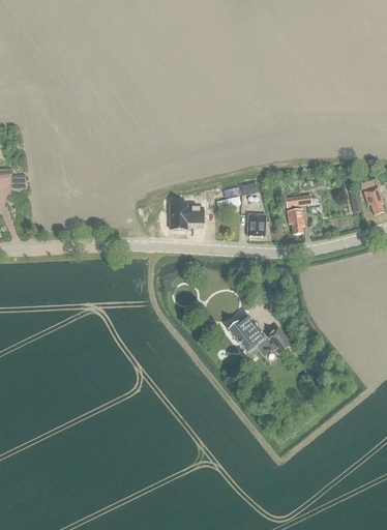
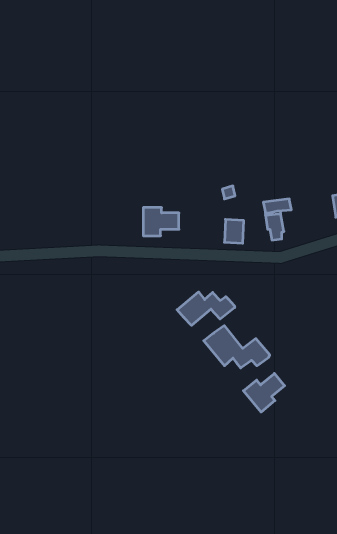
building: none -> [177,292,235,325]
building: none -> [243,373,285,412]

